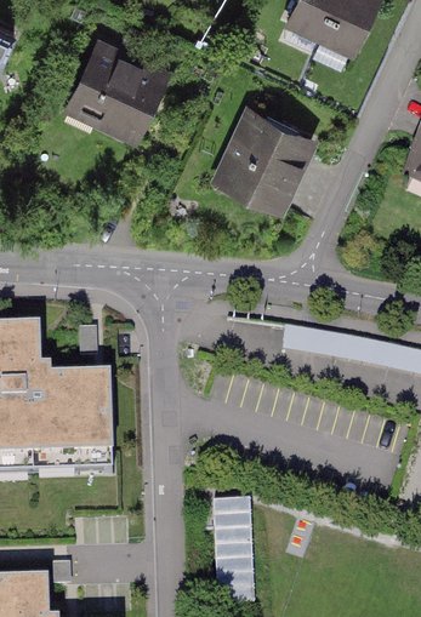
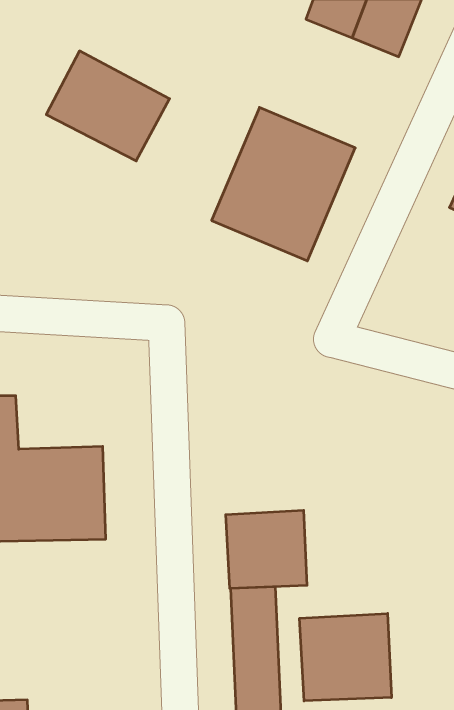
building: none -> [226,510,307,588]
building: none -> [300,613,391,701]

